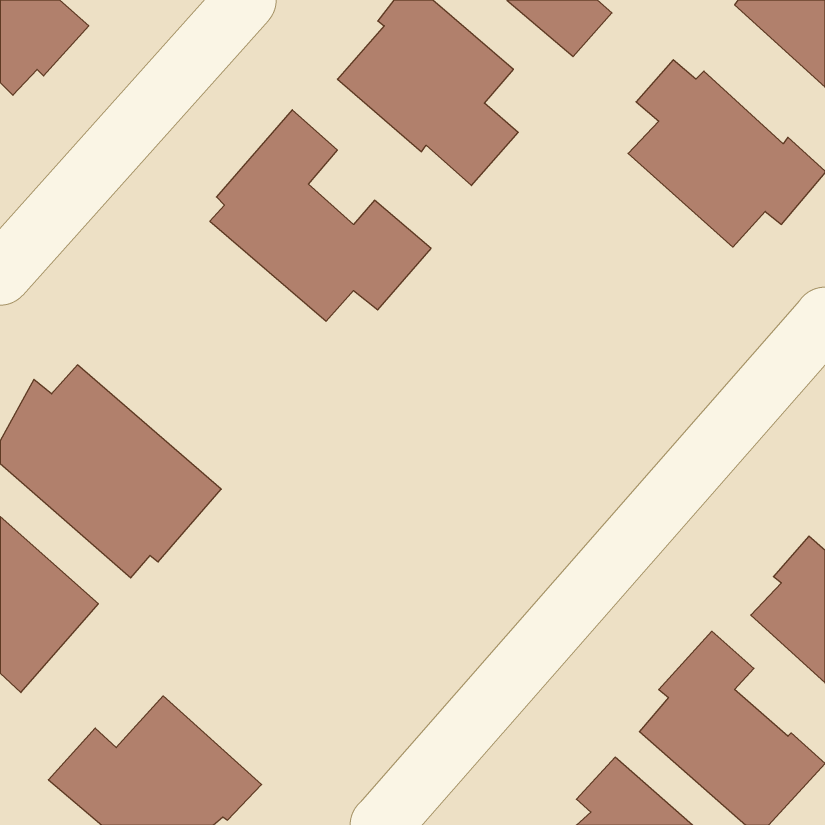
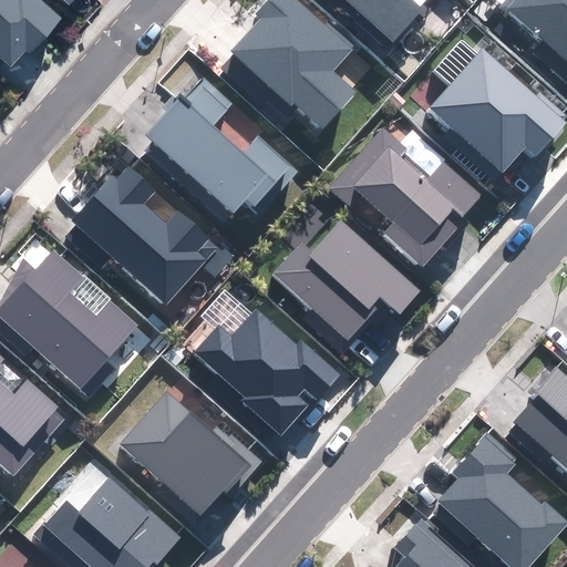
building: none -> [330,130,481,269]
building: none -> [73,167,231,302]
building: none -> [276,221,419,353]
building: none -> [195,312,340,434]
building: none -> [121,392,261,527]

